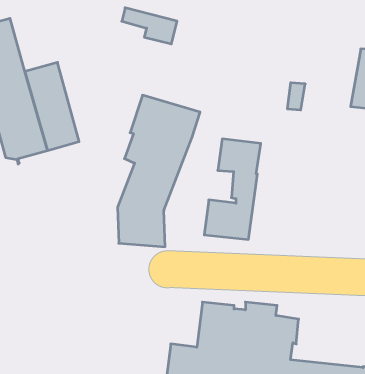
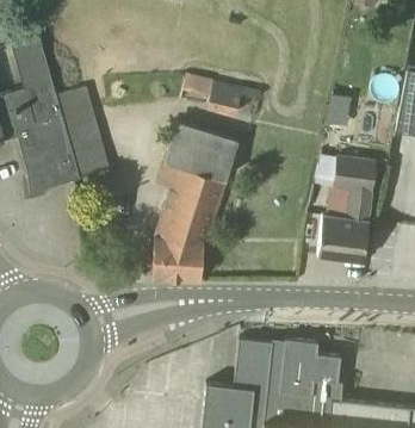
building: [122,8,177,44] -> [184,76,242,114]
building: [204,139,261,239] -> [317,155,377,261]

